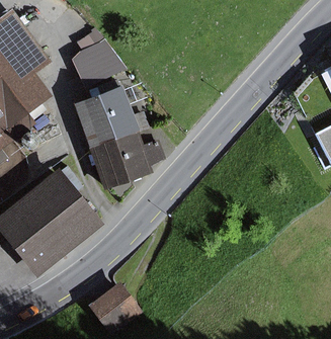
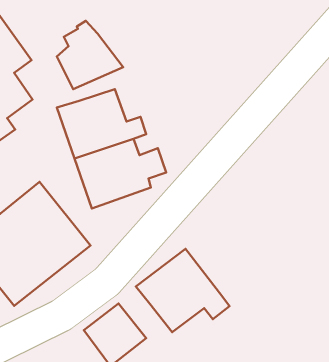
building: none -> [136,249,230,332]

